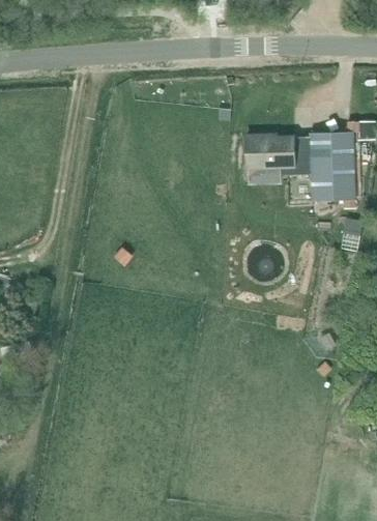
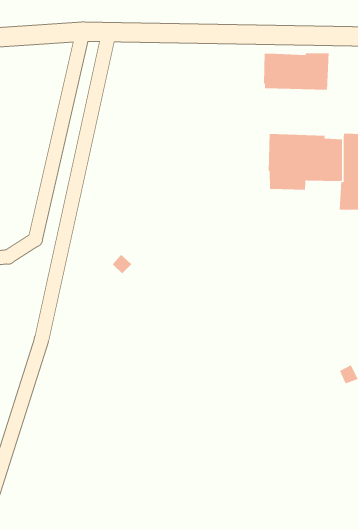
building: none -> [263,53,329,90]

